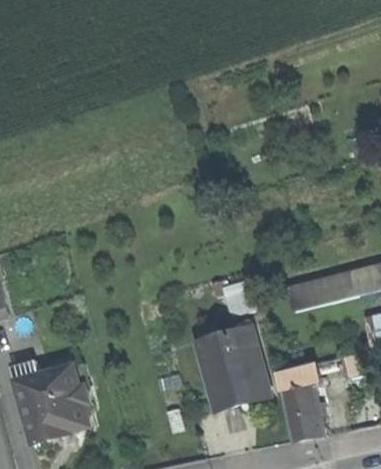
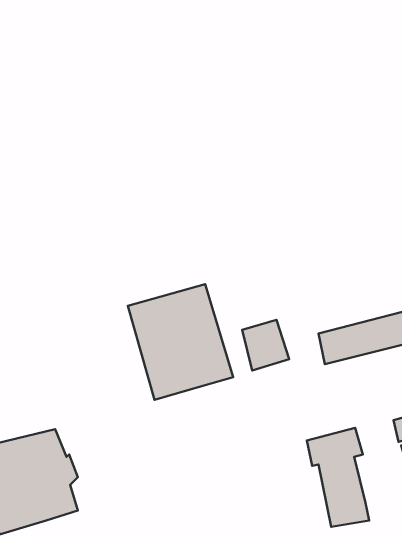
building: [193,323,276,414] -> [128,284,233,400]

